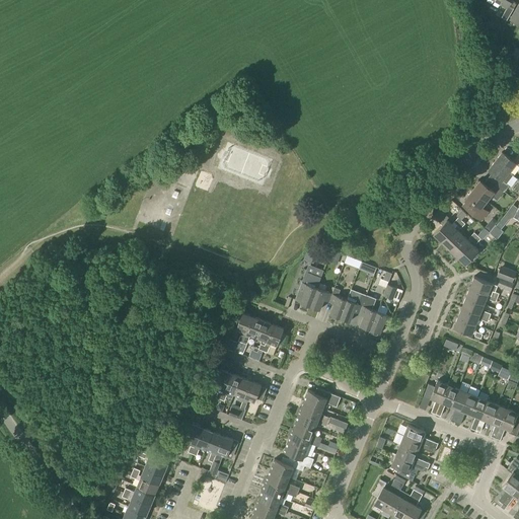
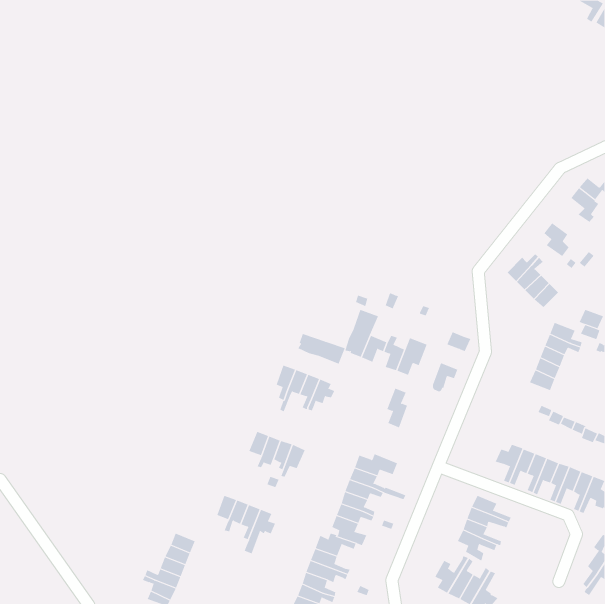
building: [472,181,505,202] -> none
building: none -> [298,333,345,365]
building: [359,296,377,330] -> [386,388,408,428]

